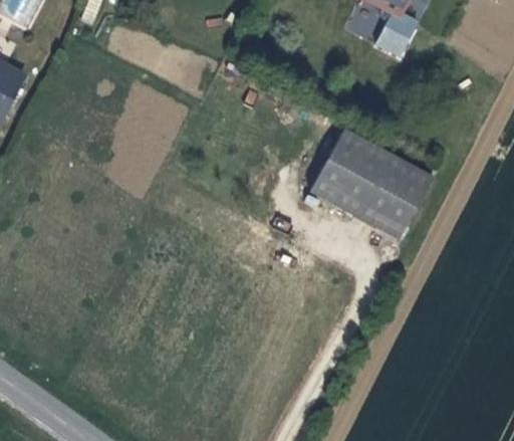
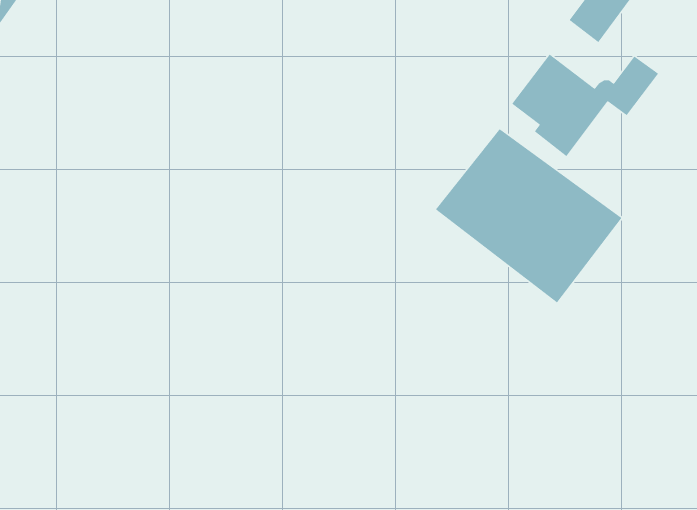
building: none -> [511,53,659,157]

